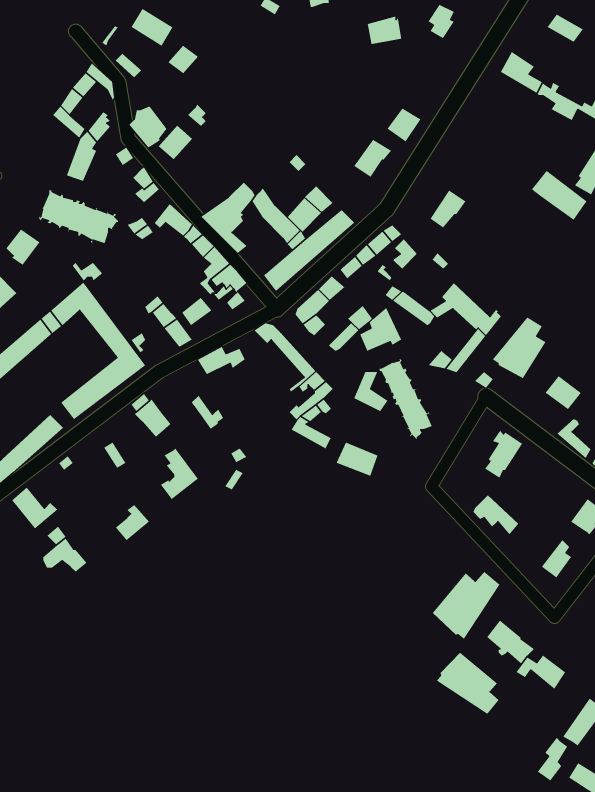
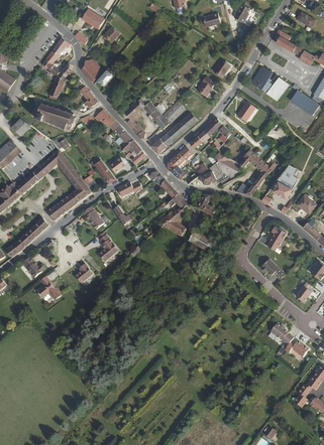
building: none -> [251,67,289,103]
building: [378,359,433,440] -> none
building: [432,571,500,640] -> none
building: [436,652,500,715] -> none

